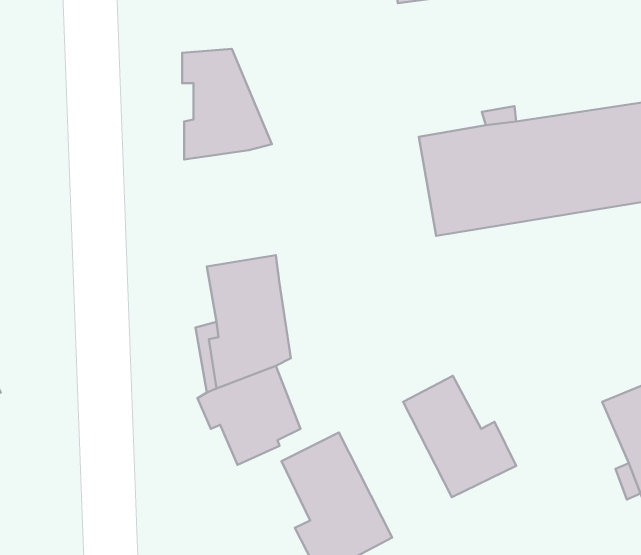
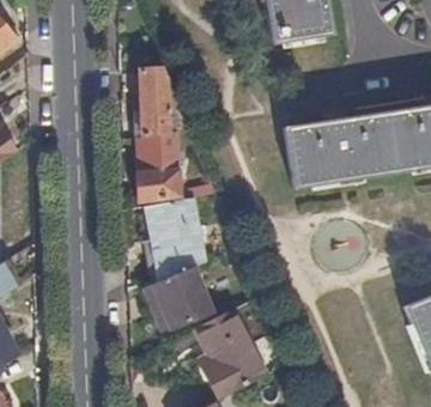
building: none -> [136,132,180,201]
building: [403,376,516,497] -> none

